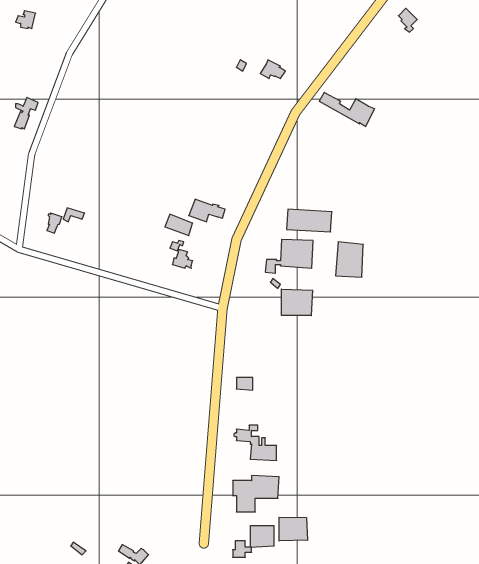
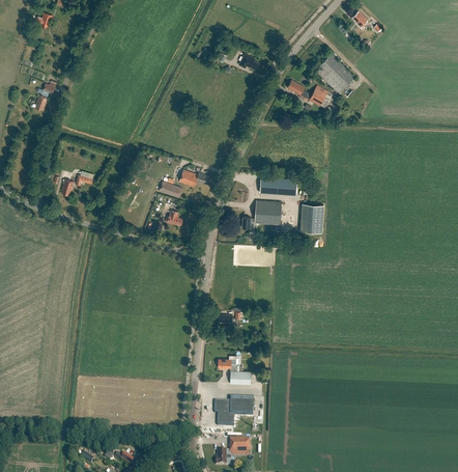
building: none -> [314,52,355,93]
building: [281,289,313,316] -> none
building: [279,517,308,541] -> none

